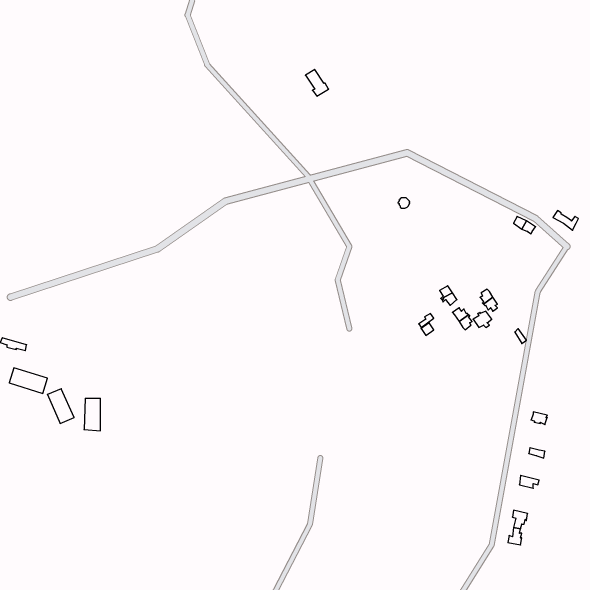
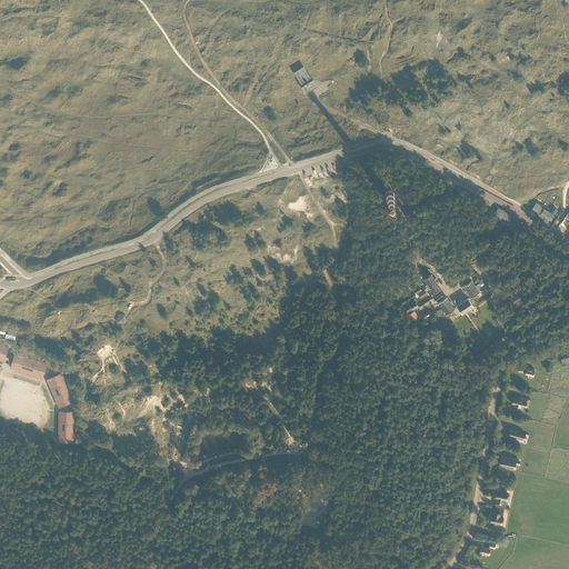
building: [84,398,100,431] -> [57,412,72,443]

